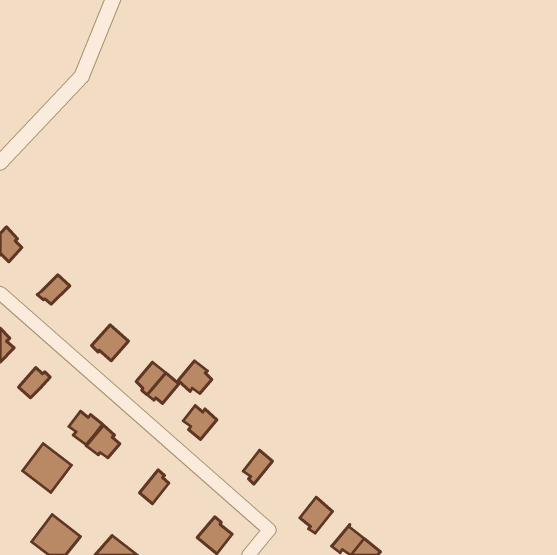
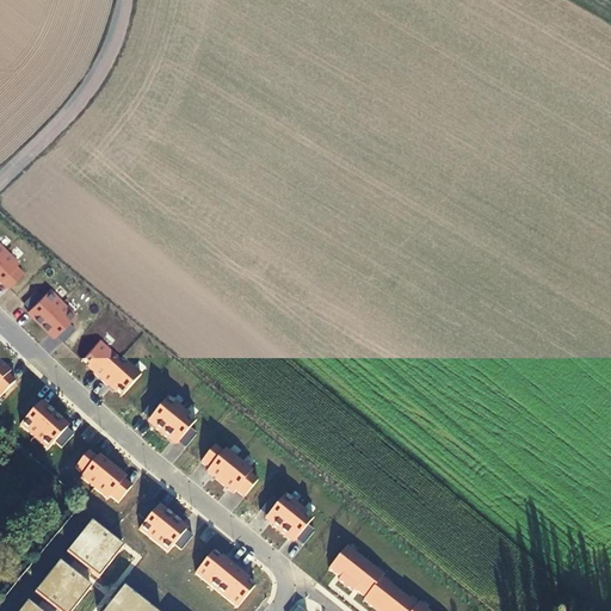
building: none -> [30,288,63,322]
building: none -> [82,339,121,378]
building: [178,361,212,394] -> [220,459,257,495]
building: none -> [33,413,67,449]
building: [22,443,71,492] -> [67,523,121,576]
building: none -> [278,505,313,538]
building: none -> [138,506,173,539]
building: none -> [195,550,235,588]
building: none -> [345,560,383,595]

